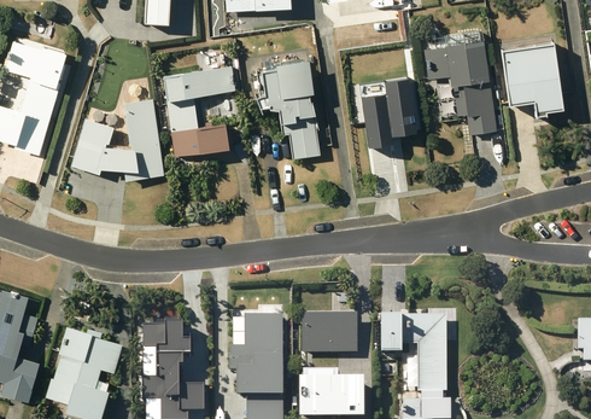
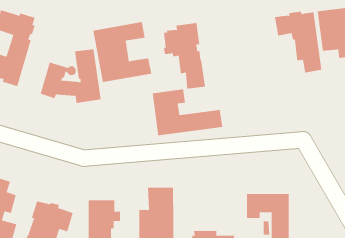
building: [364,80,422,149] -> none
building: none -> [152,89,223,136]
building: [304,315,359,355] -> none

